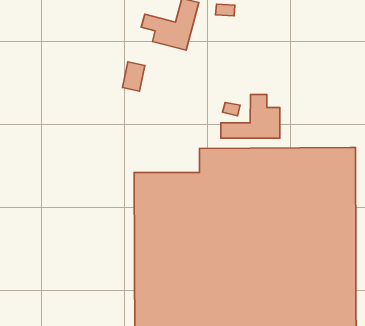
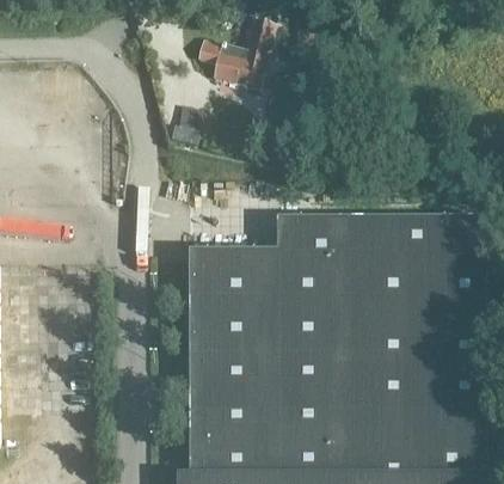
building: [221,94,280,138] -> none

